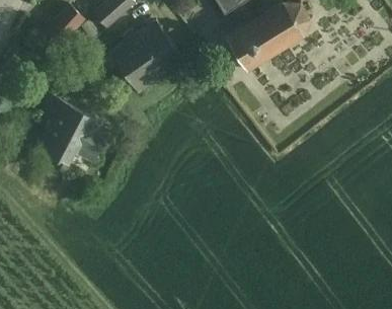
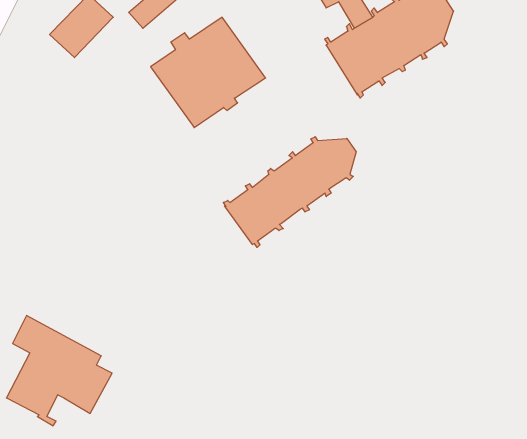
building: [38,96,107,168] -> [6,316,112,426]
building: none -> [223,137,356,247]

